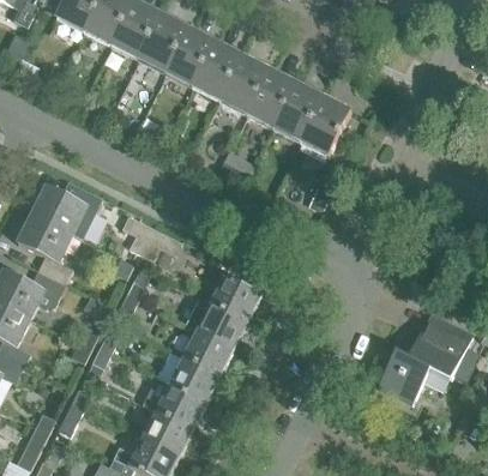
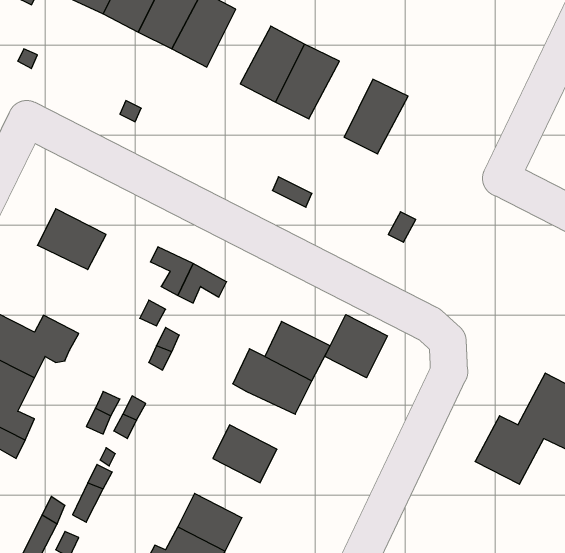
building: [165,28,216,86] -> none
building: [246,68,296,128] -> none
building: [300,96,351,156] -> none
building: [19,213,73,283] -> none
building: none -> [325,315,387,378]
building: [183,329,235,374] -> none
building: [156,381,207,428] -> none

